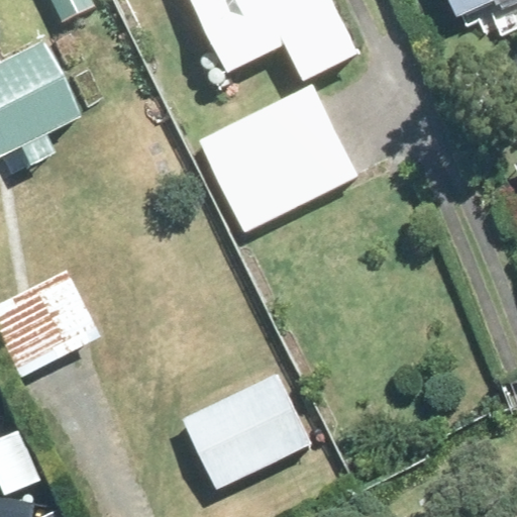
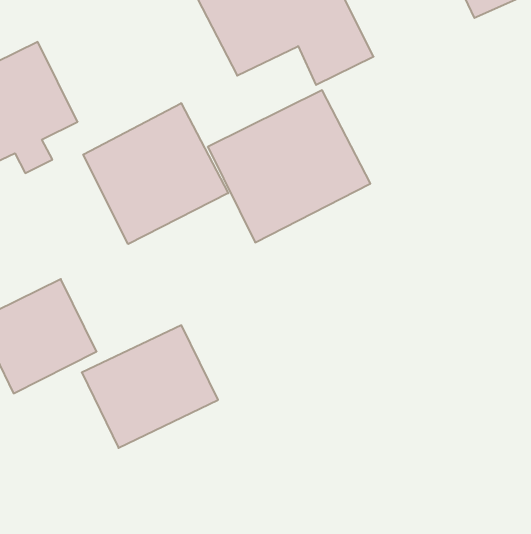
building: none -> [83,103,228,244]
building: [182,372,313,490] -> [82,325,218,448]

